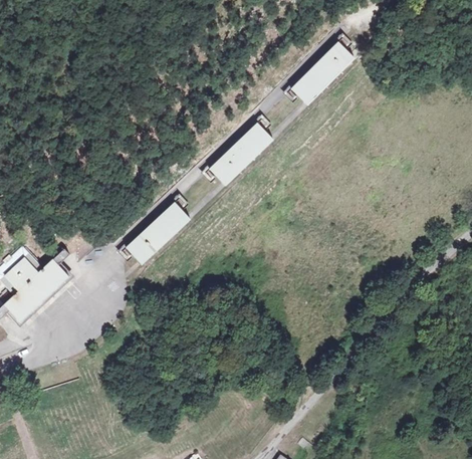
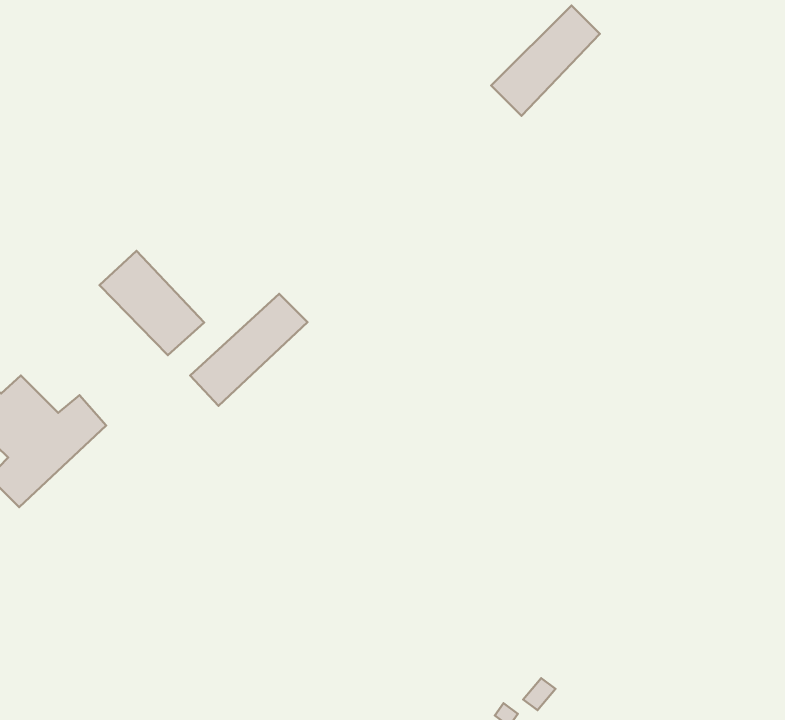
building: [205,126,267,186] -> none
building: none -> [100,251,204,355]

